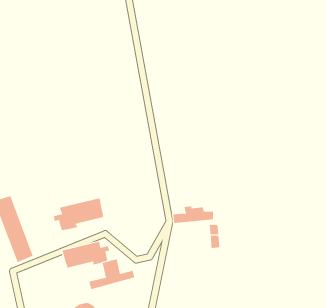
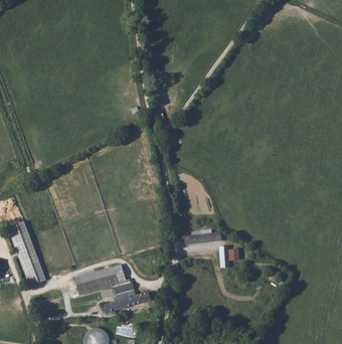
building: [54,197,104,231] -> none

